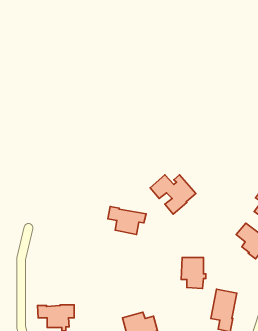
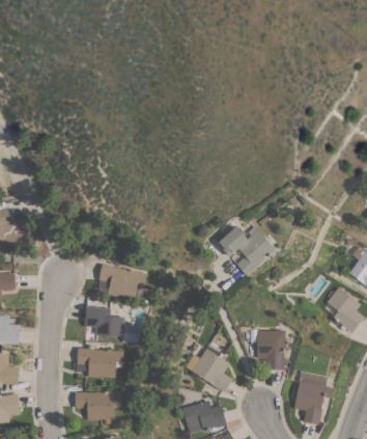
building: [108,207,146,234] -> [97,264,146,299]
building: none -> [84,306,123,335]
building: none -> [76,347,122,378]
building: none -> [191,348,232,391]

